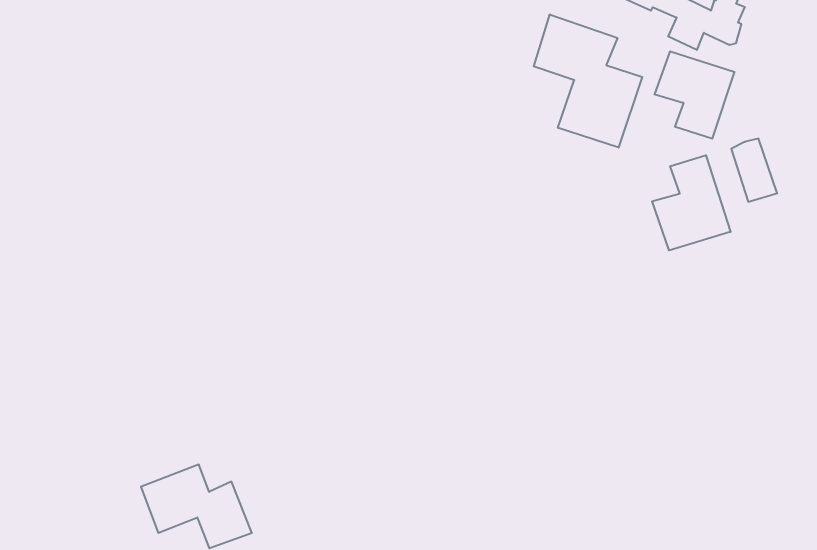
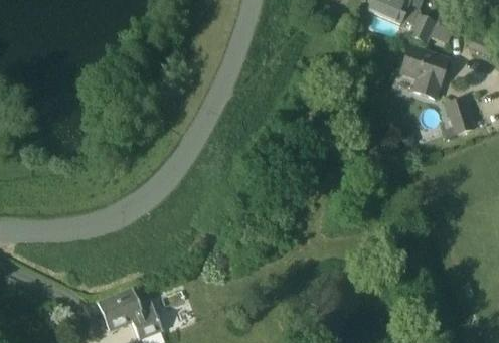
building: [534,14,642,148] -> none
building: [652,155,731,250] -> none

